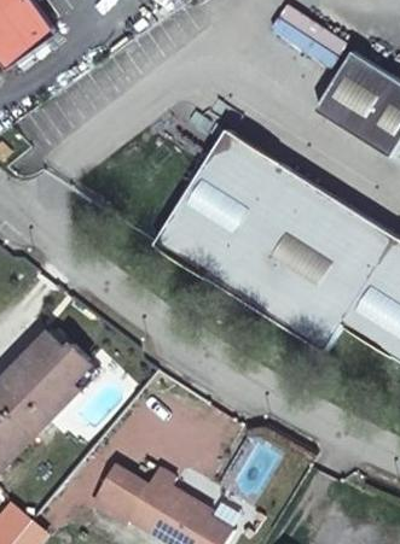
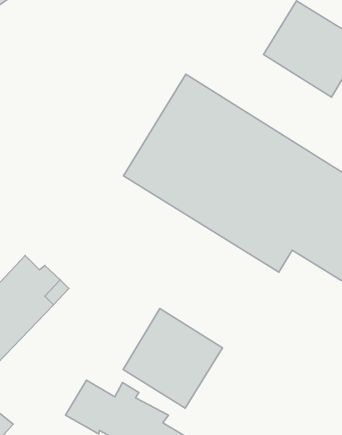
building: none -> [123,308,222,408]

